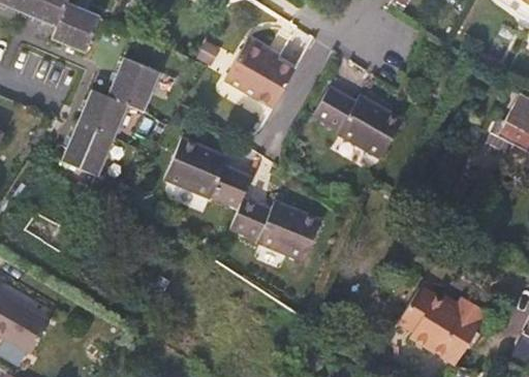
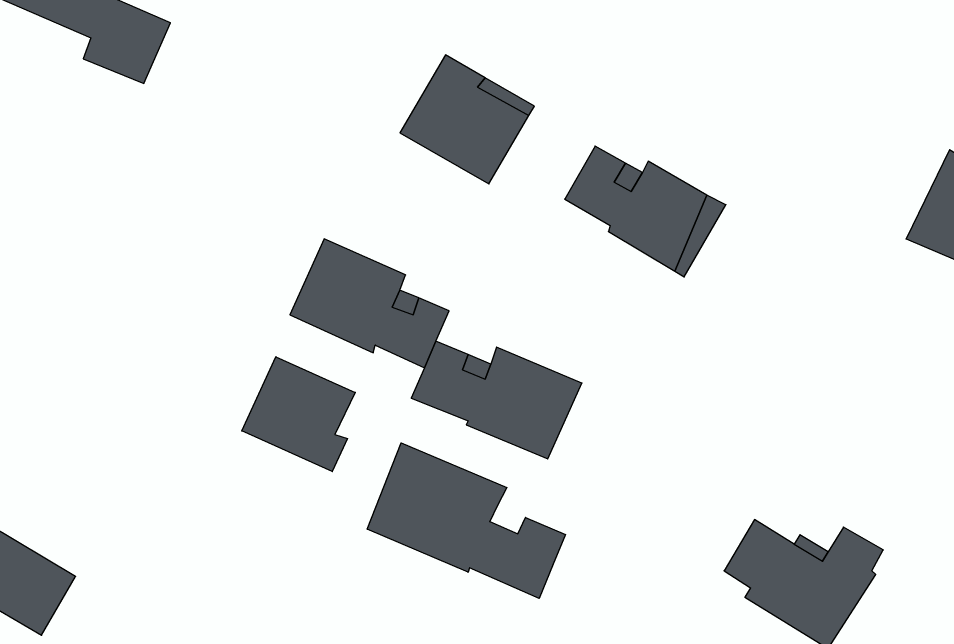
building: [62,59,159,177] -> none
building: none -> [242,357,355,472]
building: none -> [367,443,565,598]

